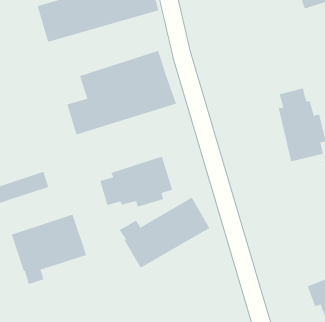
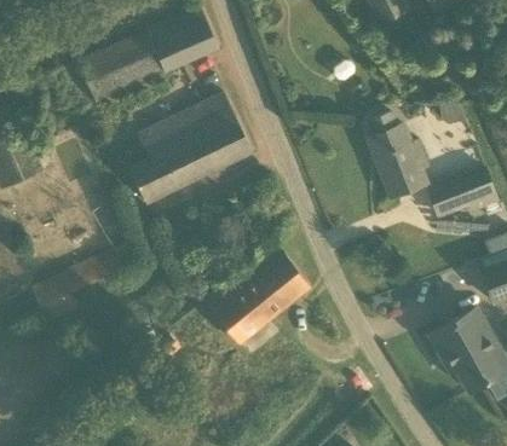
building: [100,156,173,208] -> none
building: [11,214,87,285] -> none

